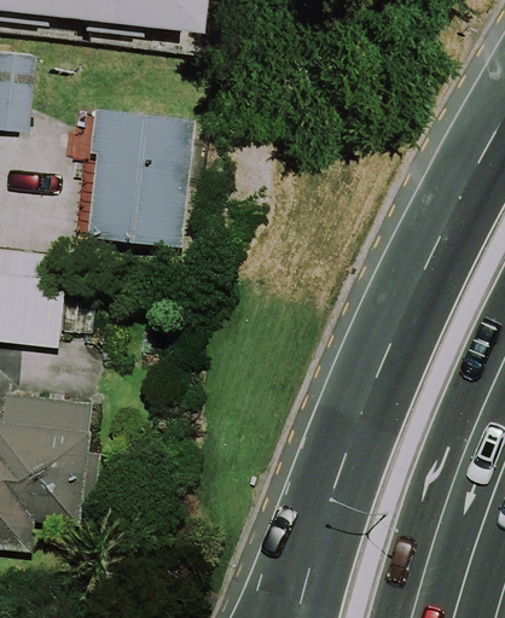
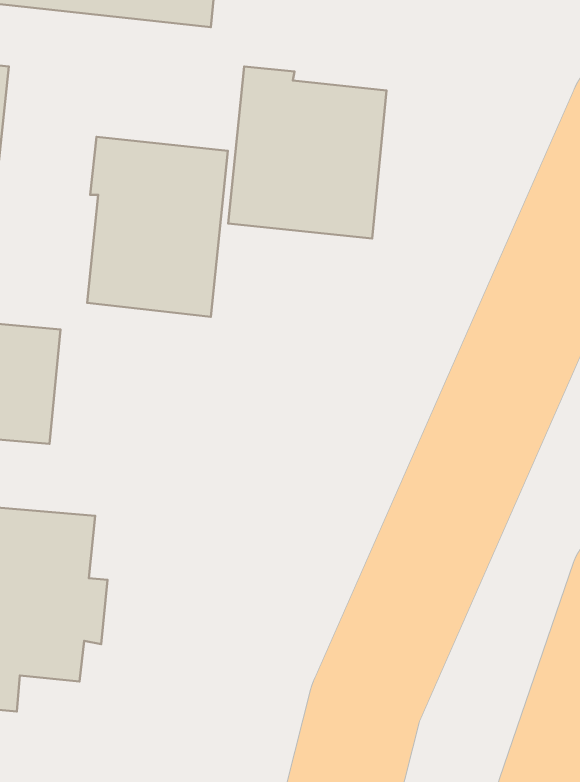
building: none -> [228,66,387,238]

